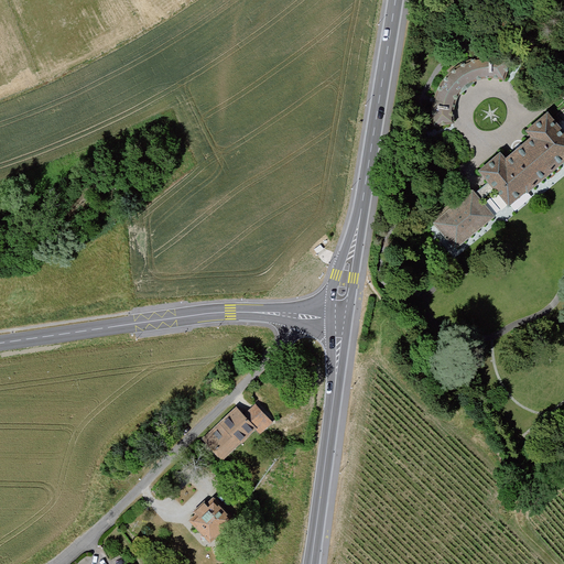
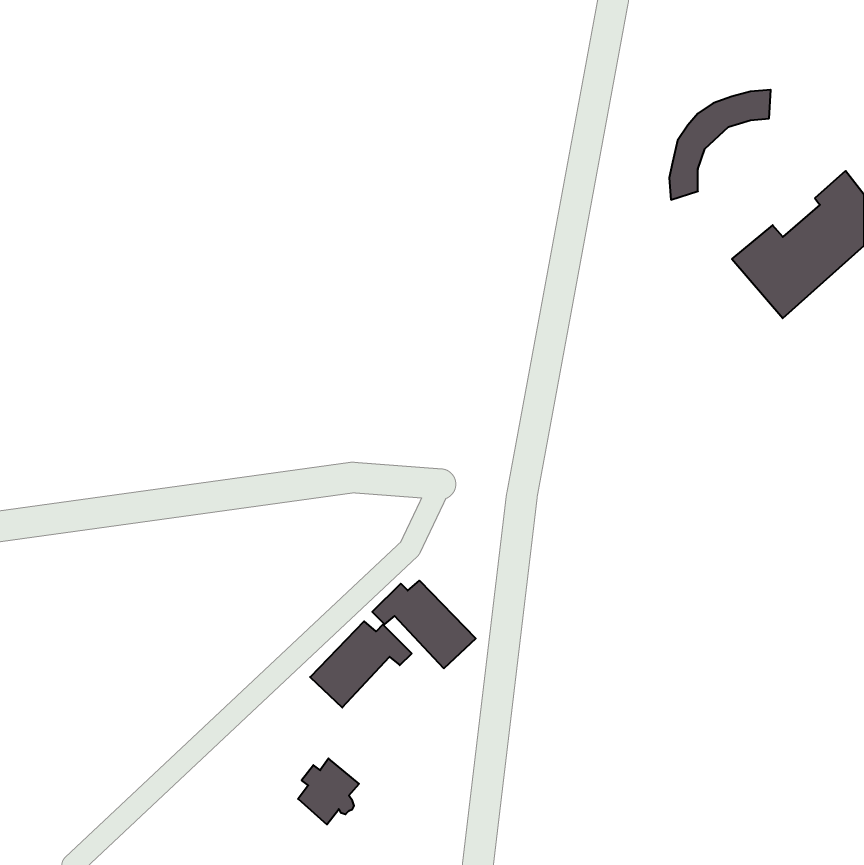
building: [433,187,496,249] -> none
building: none -> [372,581,476,668]

